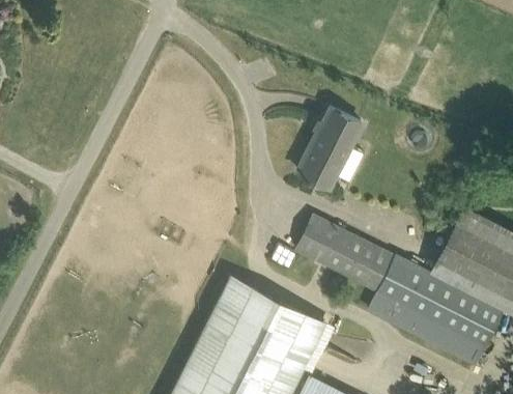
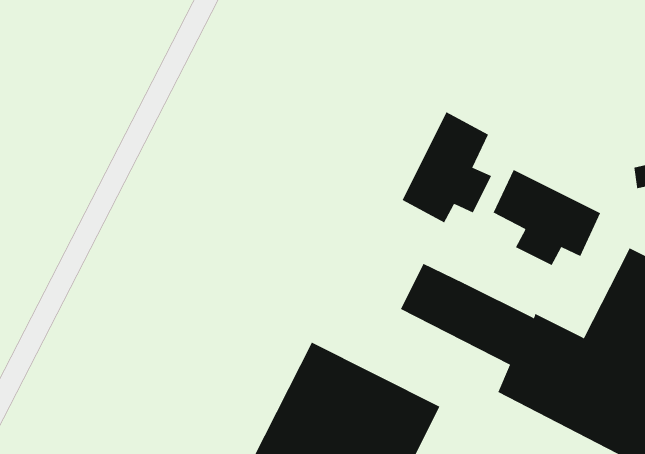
building: none -> [493,169,601,266]

